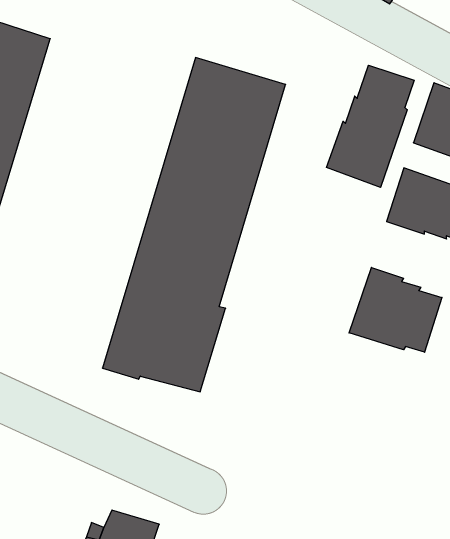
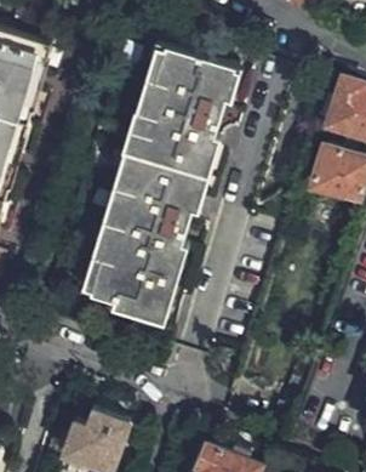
building: [326,65,414,187] -> none
building: [349,267,442,352] -> none

